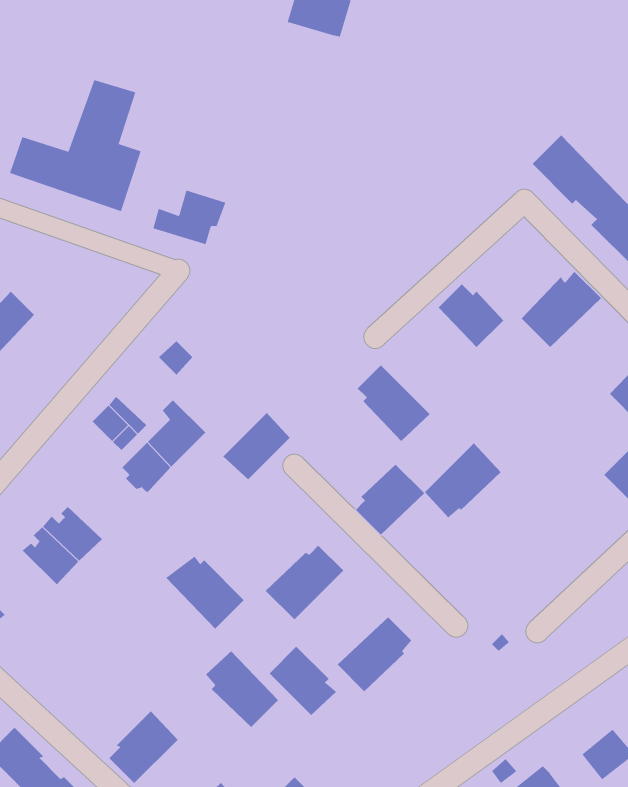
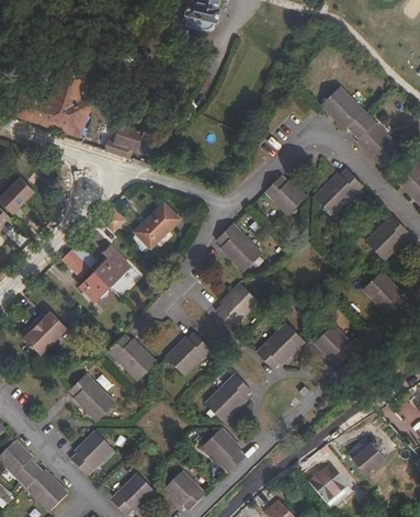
building: [223,412,291,480] -> [133,205,173,246]
building: [424,443,501,518] -> [259,324,305,369]
building: none -> [317,326,355,363]
building: [269,646,337,716] -> [203,429,243,471]
building: [205,650,279,728] -> [69,373,113,419]

